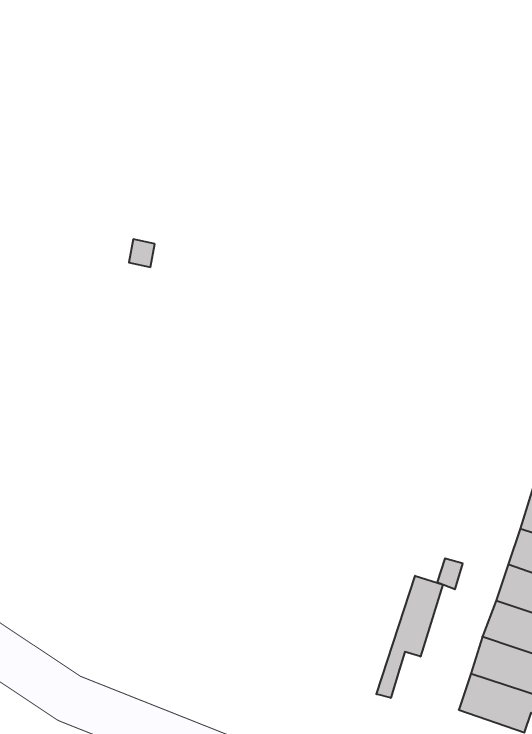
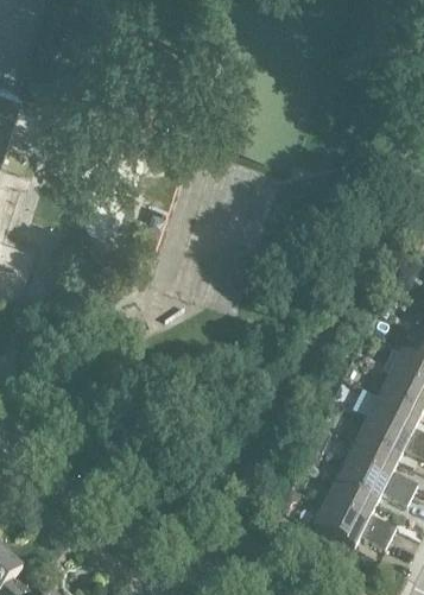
building: [376,576,443,698] -> none

